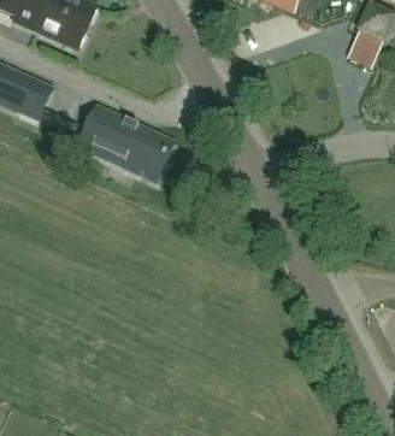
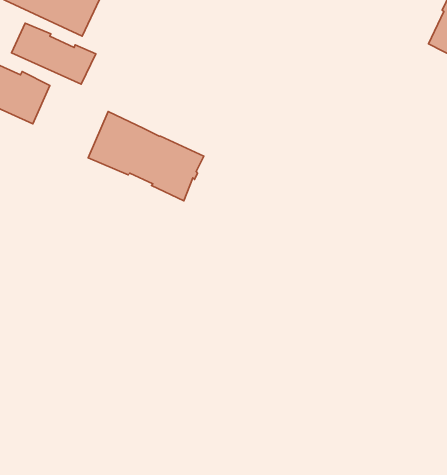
building: none -> [12,23,96,84]

